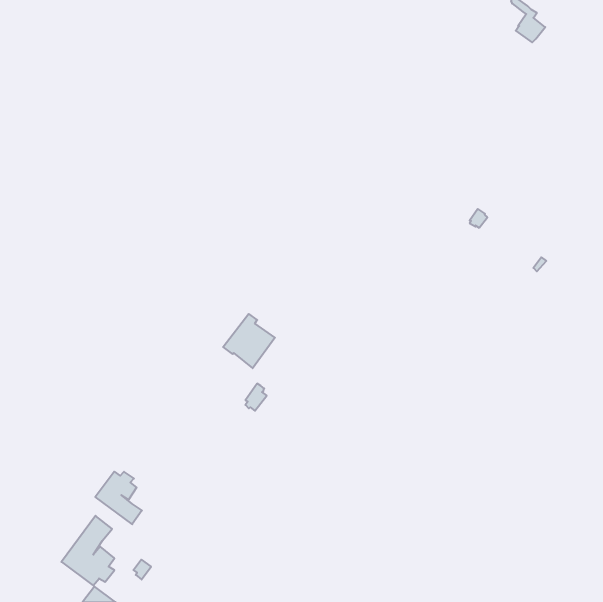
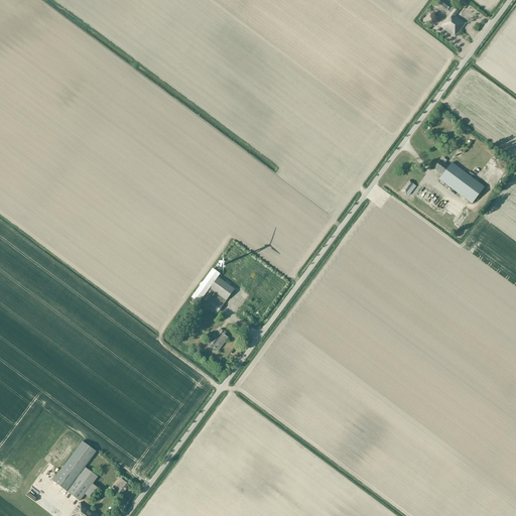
building: none -> [433,157,485,203]
building: [95,472,142,524] -> none

